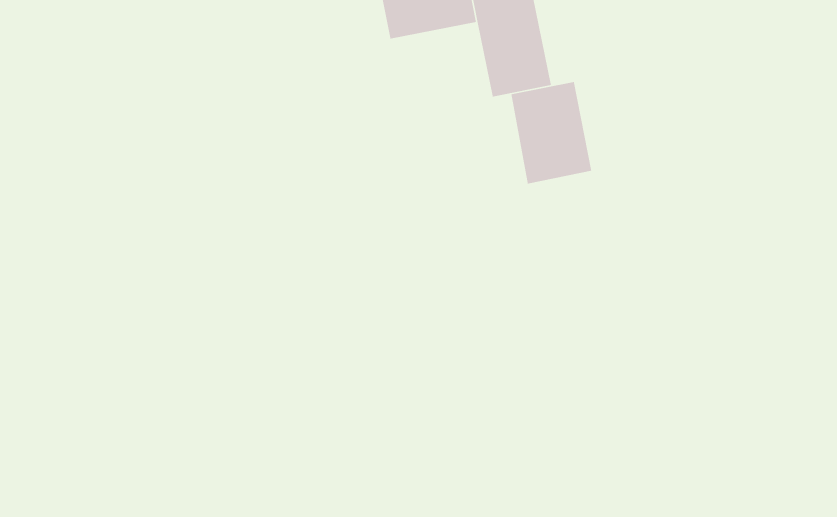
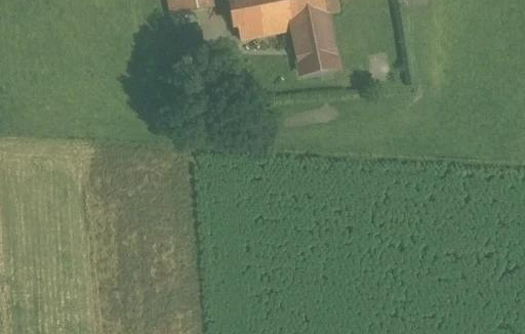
building: [510,81,592,184] -> none

